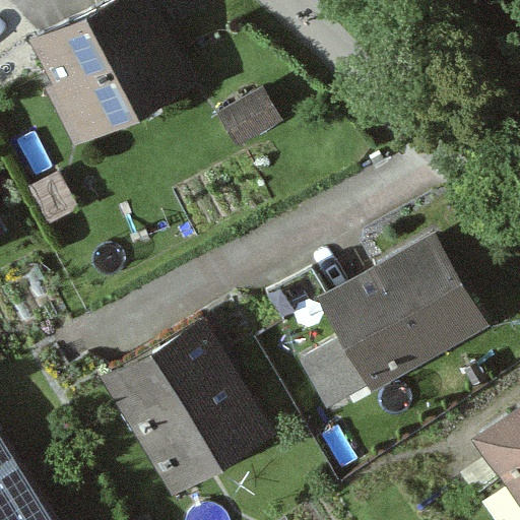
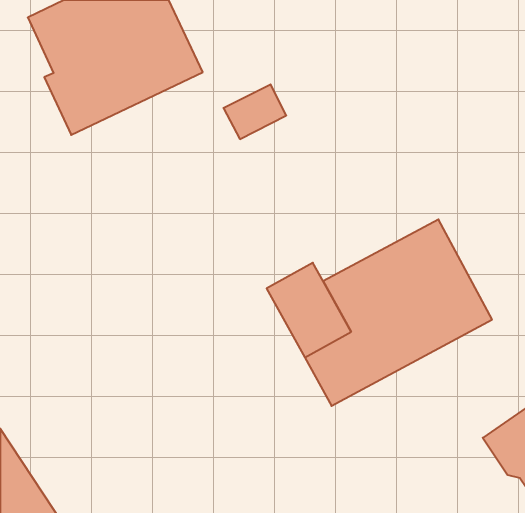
building: [102,318,275,497] -> none

